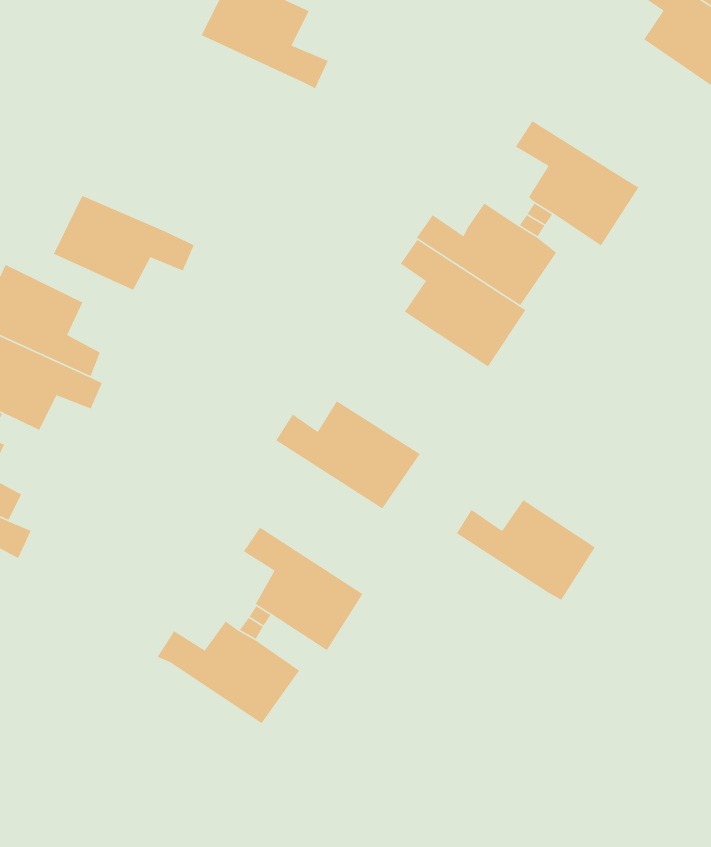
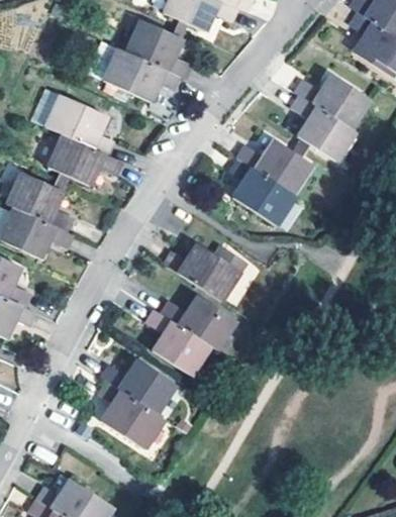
building: none -> [102,47,179,102]
building: none -> [296,73,370,127]
building: none -> [30,87,112,153]
building: [456,499,596,601] -> [162,295,235,348]
building: none -> [99,381,165,447]

